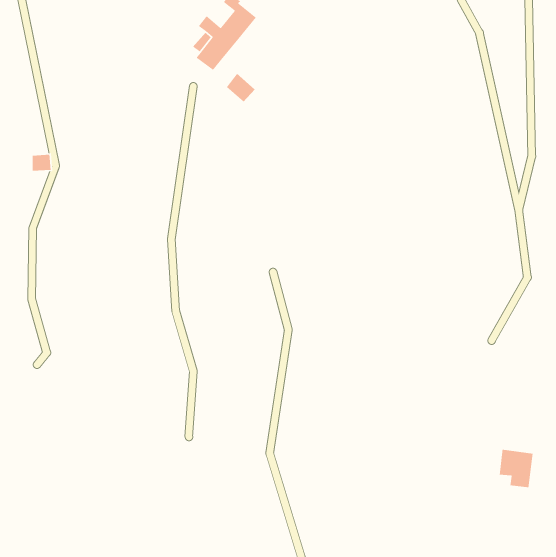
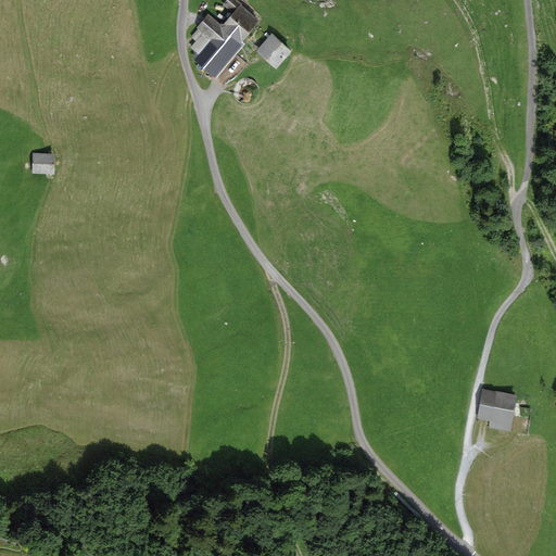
building: [226,73,255,102] -> [255,34,285,63]
building: [499,449,534,488] -> [480,395,515,434]

